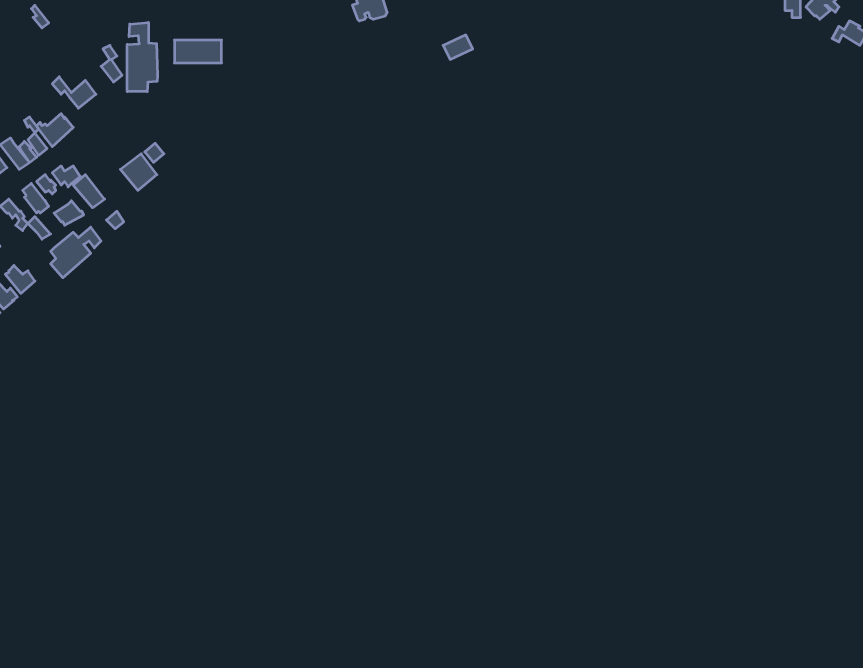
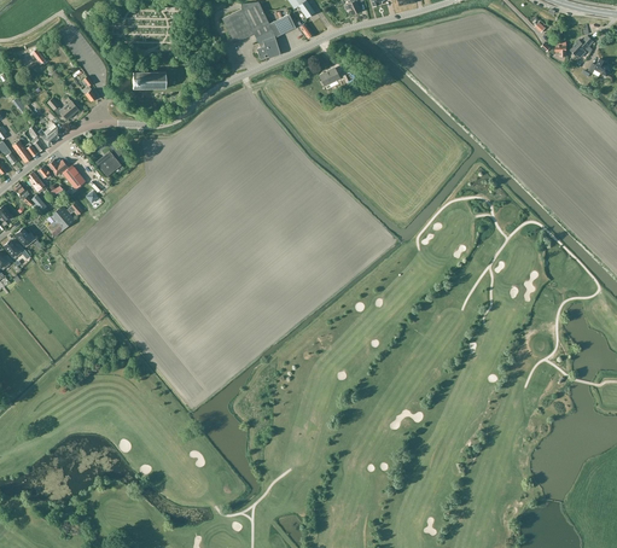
building: [127,22,157,92] -> none

